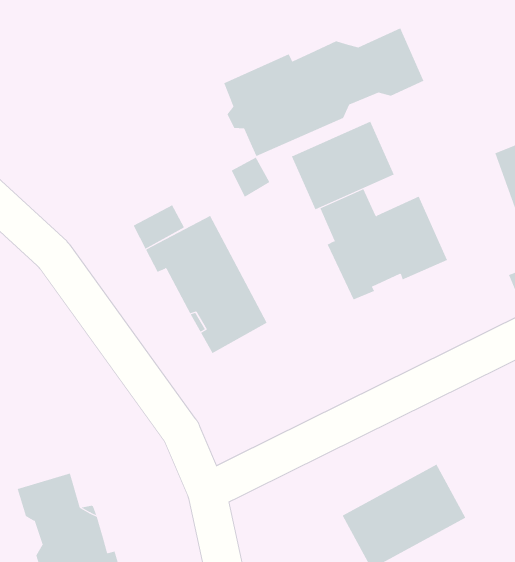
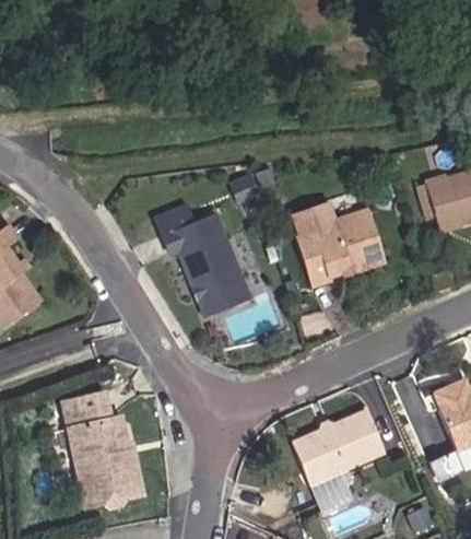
building: [223,28,424,157] -> none
building: [291,121,395,210] -> none

